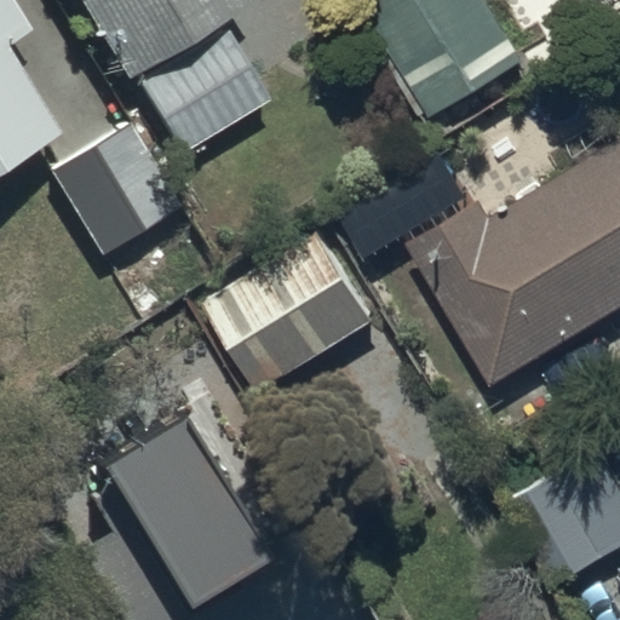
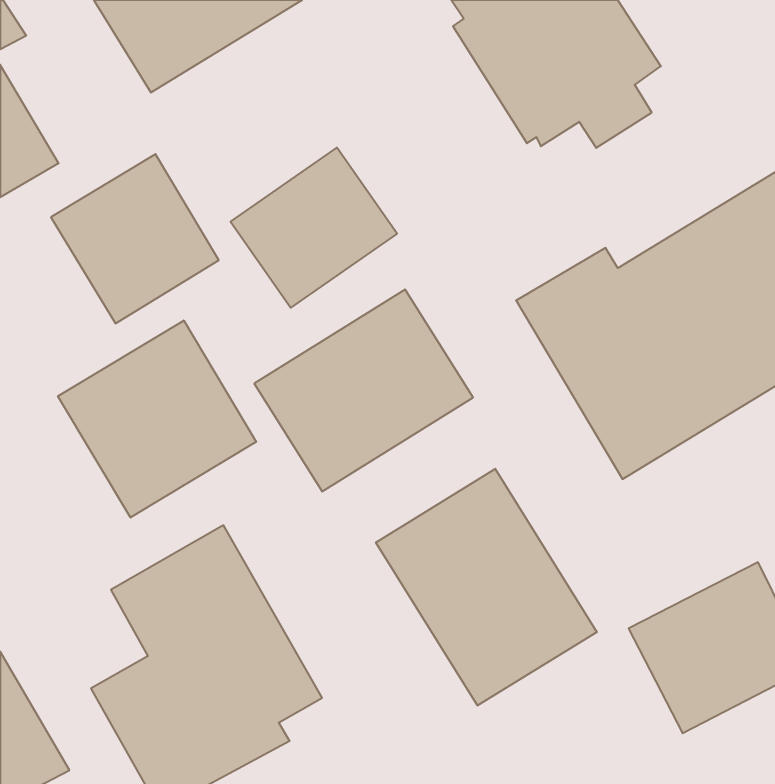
building: [140,25,271,151] -> [231,148,397,308]
building: none -> [58,320,256,518]
building: none -> [376,469,597,706]

